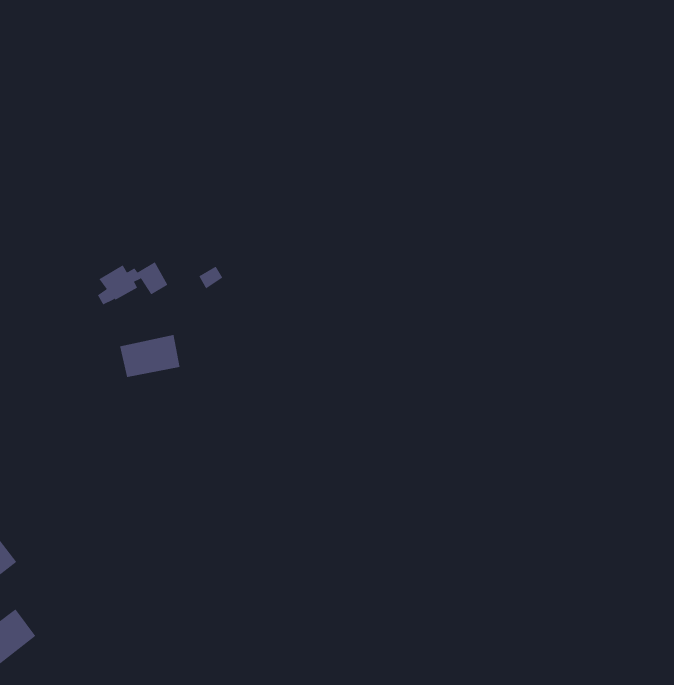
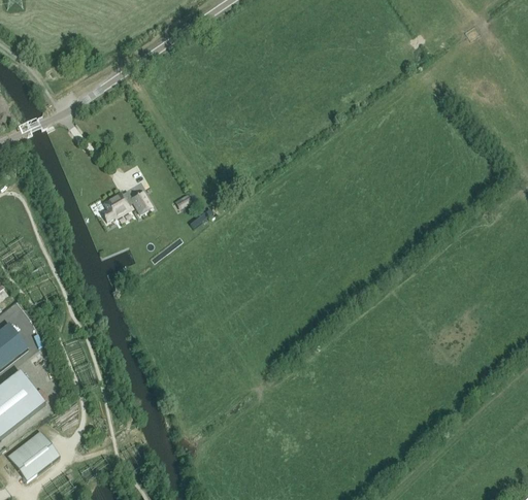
building: [120,334,180,378] -> none

